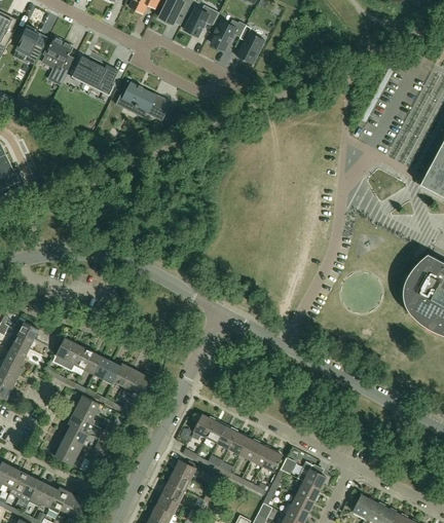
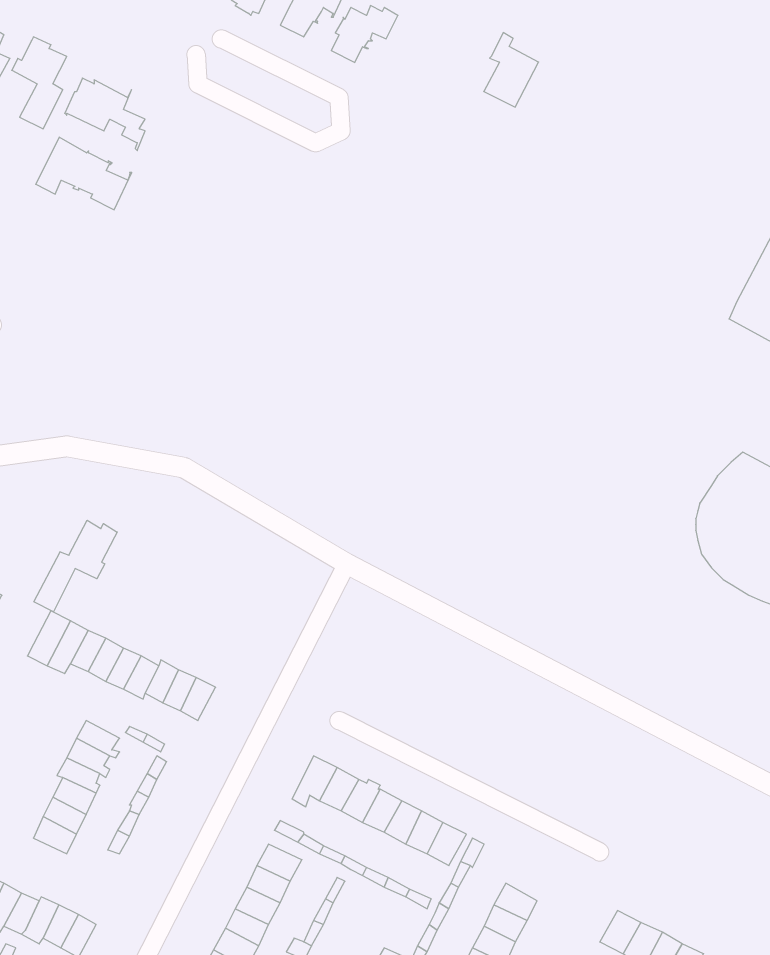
building: [236,25,265,64] -> [484,33,539,107]
building: [115,79,165,117] -> [36,137,132,210]
building: none -> [34,520,117,612]
building: [297,460,327,489] -> none

